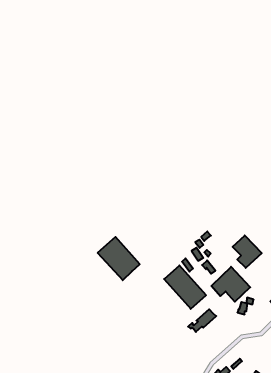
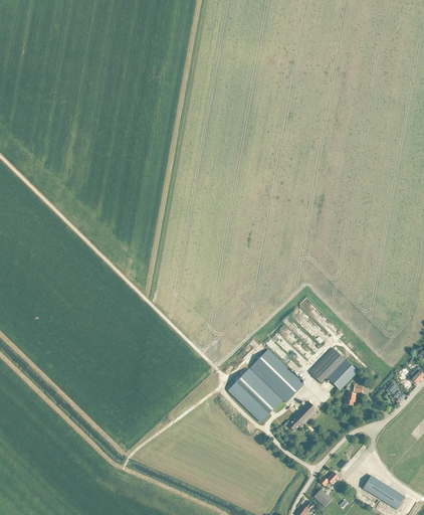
building: [233,235,262,268] -> none
building: [98,237,140,280] -> [228,368,281,421]

